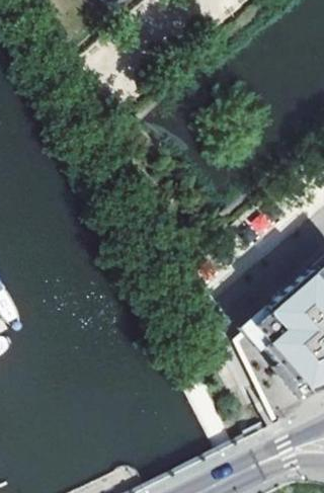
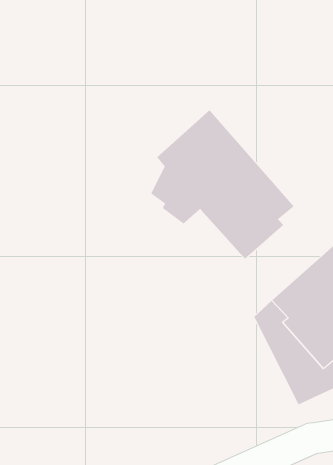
building: none -> [150,110,295,259]

